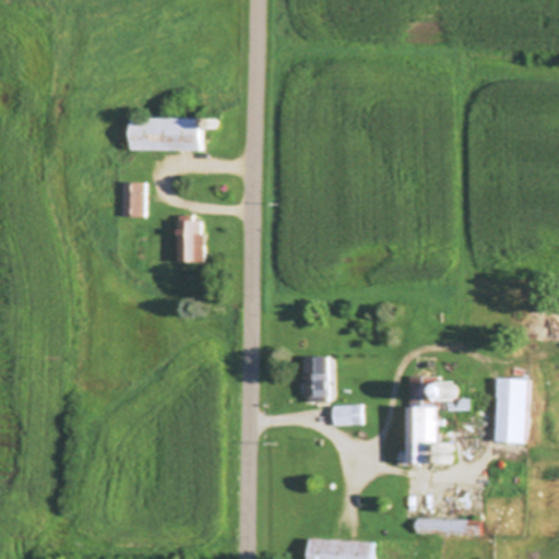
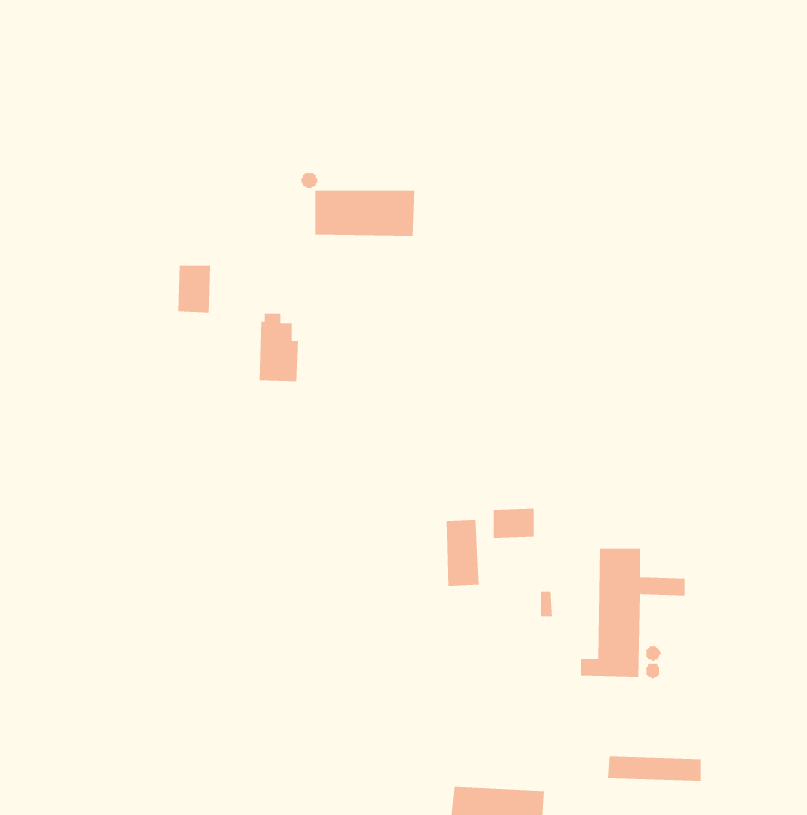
building: [131,118,200,150] -> [315,190,415,237]
building: [496,378,527,443] -> none
building: [332,404,360,425] -> [493,508,534,539]

